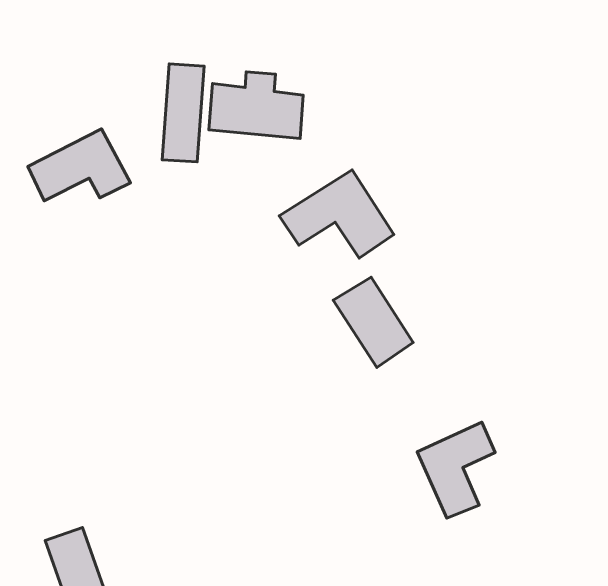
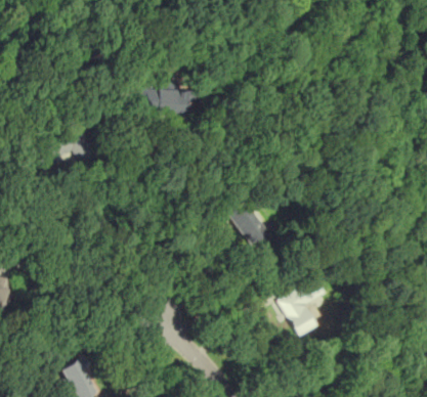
building: [162,64,204,162] -> none
building: [279,170,394,258] -> none

